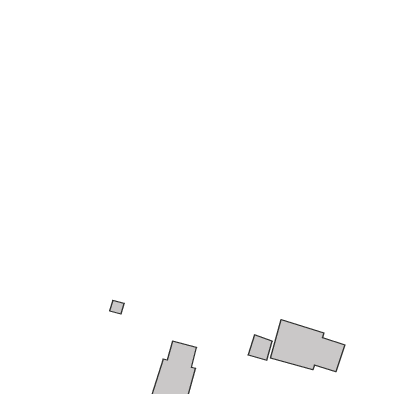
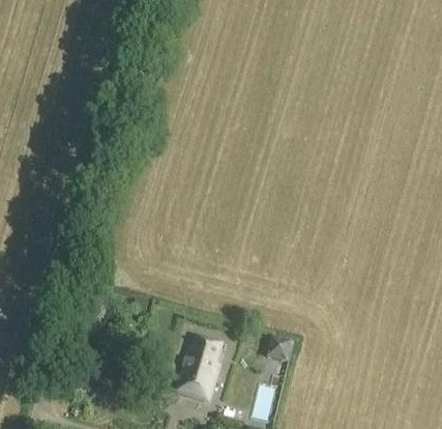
building: [270,320,345,372] -> none

